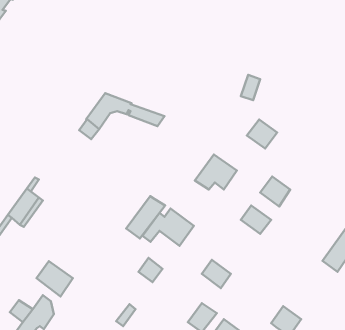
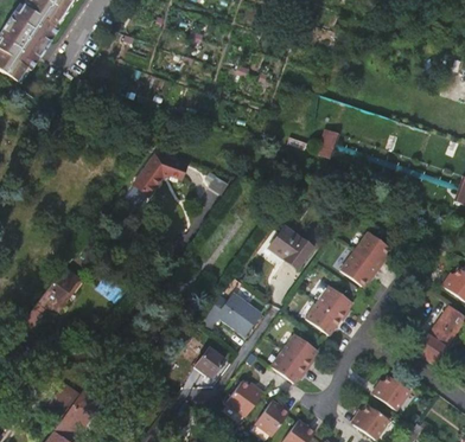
building: [247,120,277,149] -> [355,232,390,267]
building: [126,196,165,238] -> none
building: none -> [306,302,340,335]
building: none -> [284,333,318,366]
building: [36,261,73,296] -> none
building: none -> [375,376,410,410]
building: none -> [227,380,262,416]

